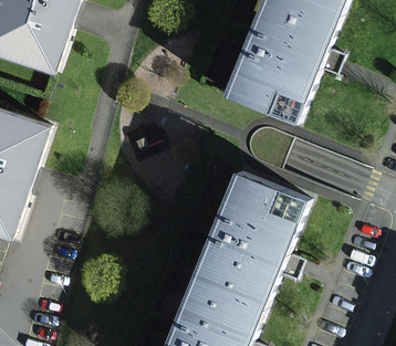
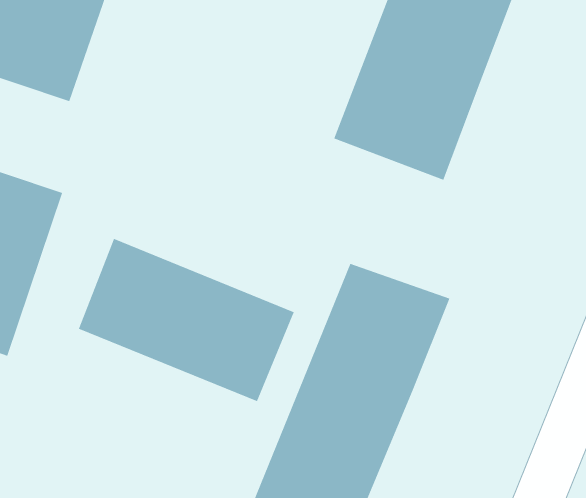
building: none -> [78,238,295,402]

